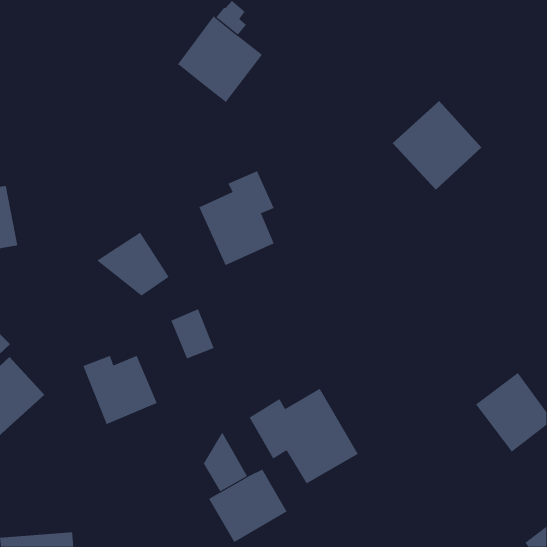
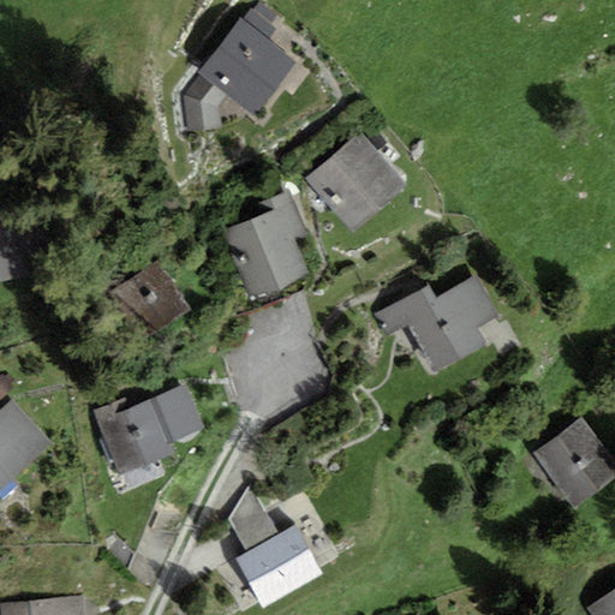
building: none -> [181,73,226,132]
building: [392,100,482,190] -> [304,130,405,231]
building: none -> [372,275,498,372]
building: [171,309,215,359] -> [154,384,203,441]
building: [249,388,358,484] -> none

